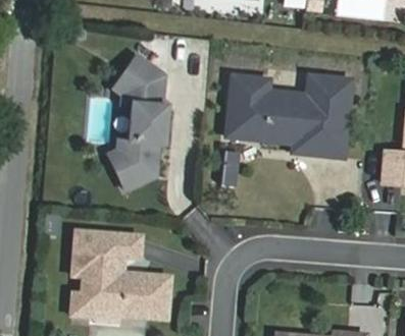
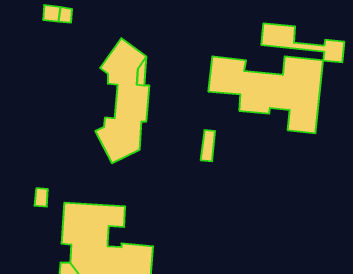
building: [226,114,314,155] -> [261,24,344,62]

